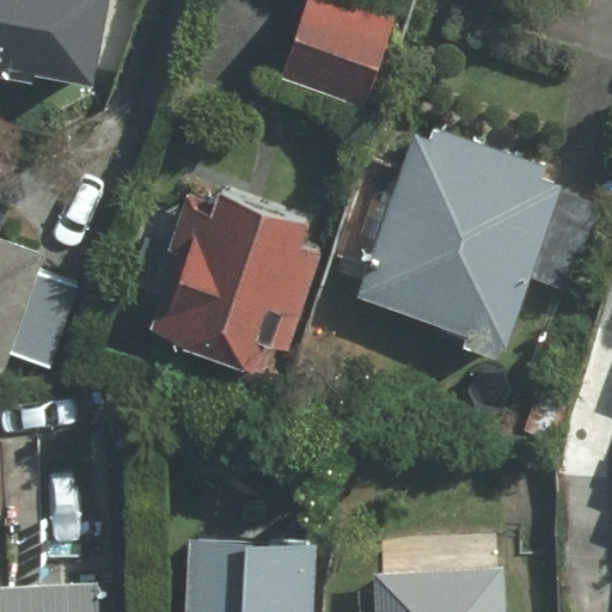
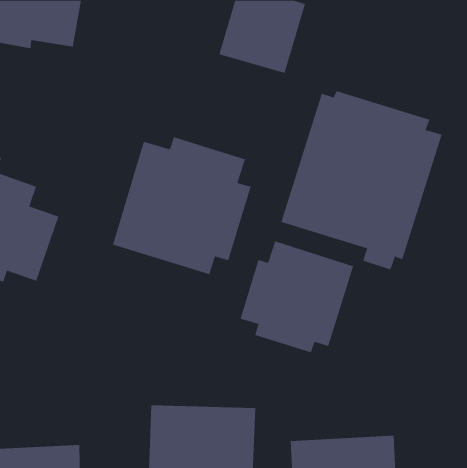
building: none -> [240,241,354,353]

